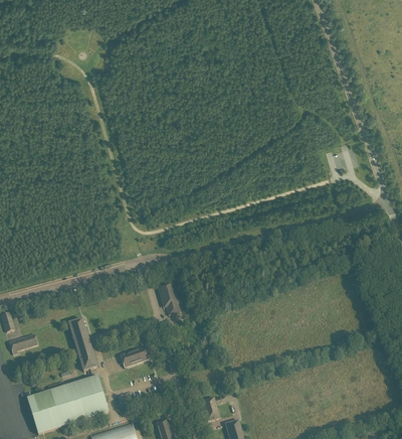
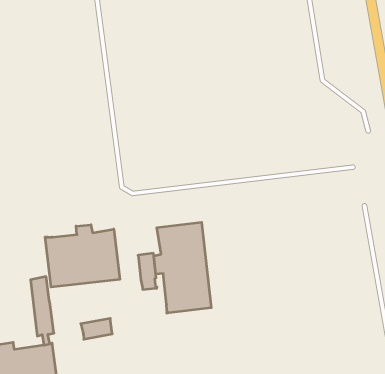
building: none -> [154,222,211,313]
building: none -> [45,225,120,287]

